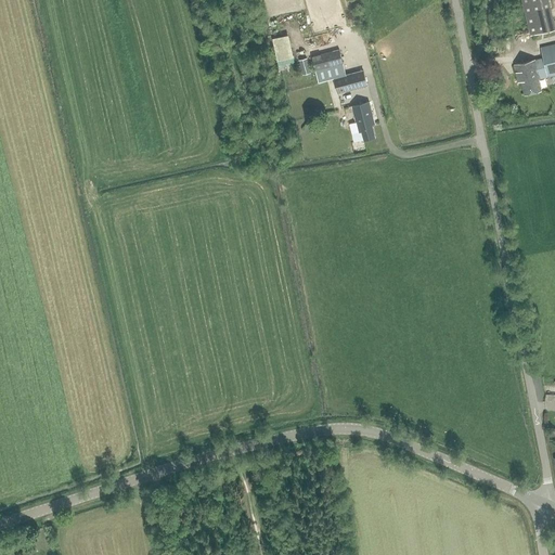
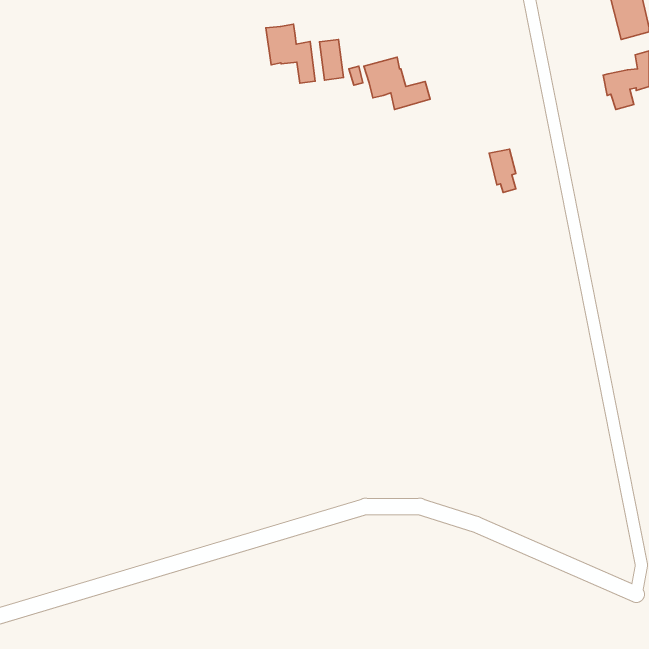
building: none -> [266,24,315,83]
building: [351,102,374,139] -> [489,149,516,193]

